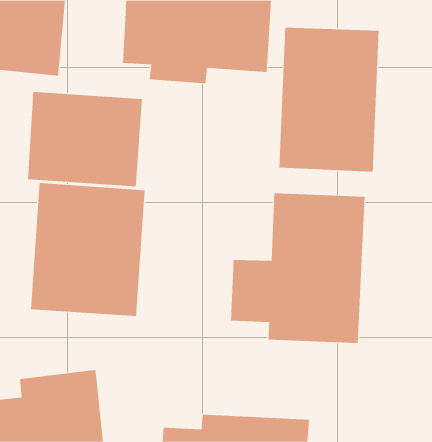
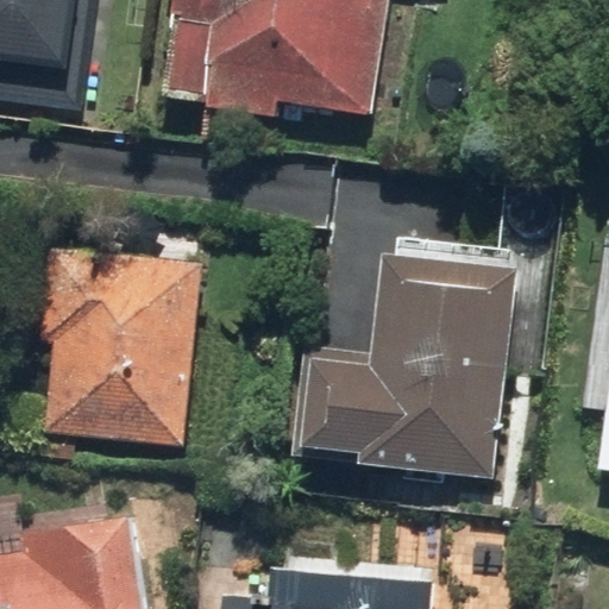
building: [279,27,379,172] -> none
building: [27,91,142,187] -> none

